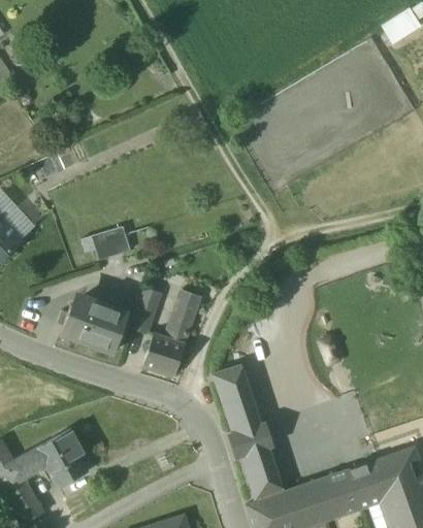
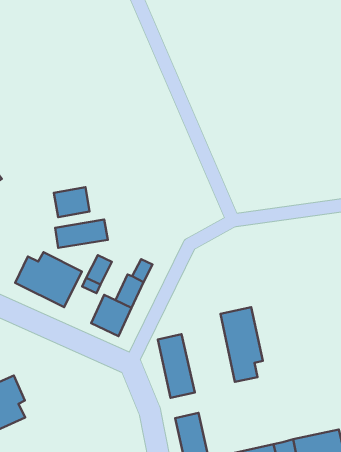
building: none -> [55,219,108,248]
building: none -> [220,307,263,382]
building: [230,423,271,455] -> none

